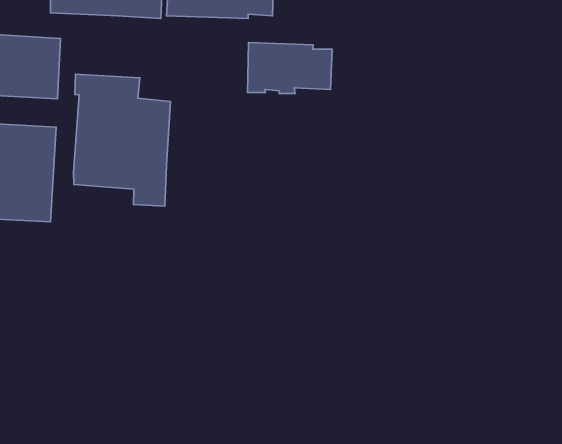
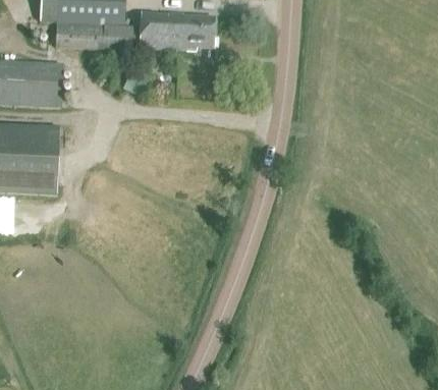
building: [247,43,332,94] -> none
building: [74,74,170,206] -> none

